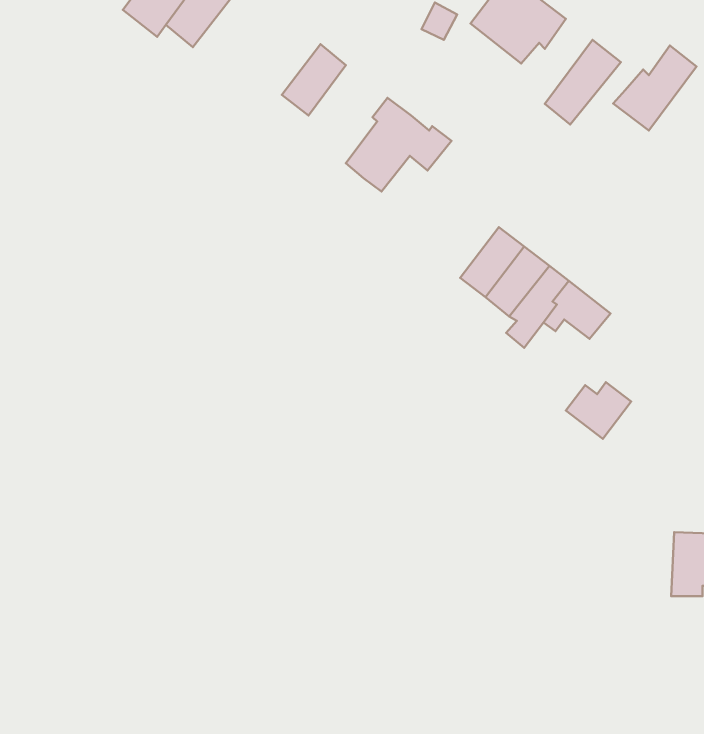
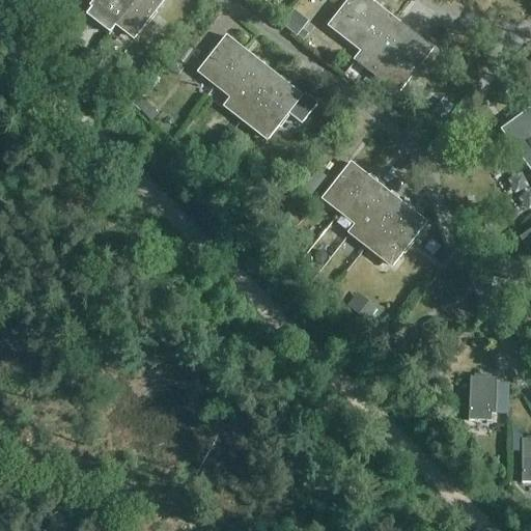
building: [613,46,697,130] -> [356,17,414,76]
building: none -> [216,49,271,117]
building: [566,382,631,439] -> [366,226,412,266]

